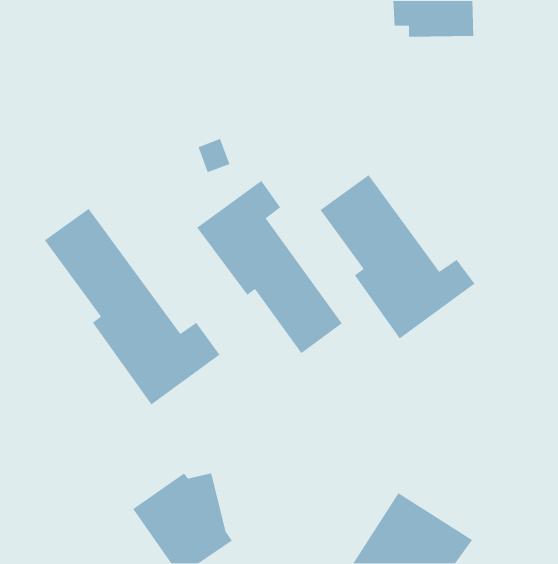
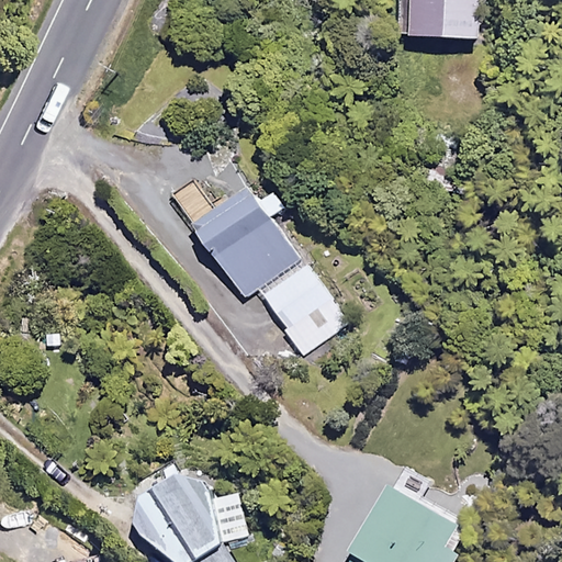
building: [319,174,476,340] -> none
building: [44,208,220,405] -> none

